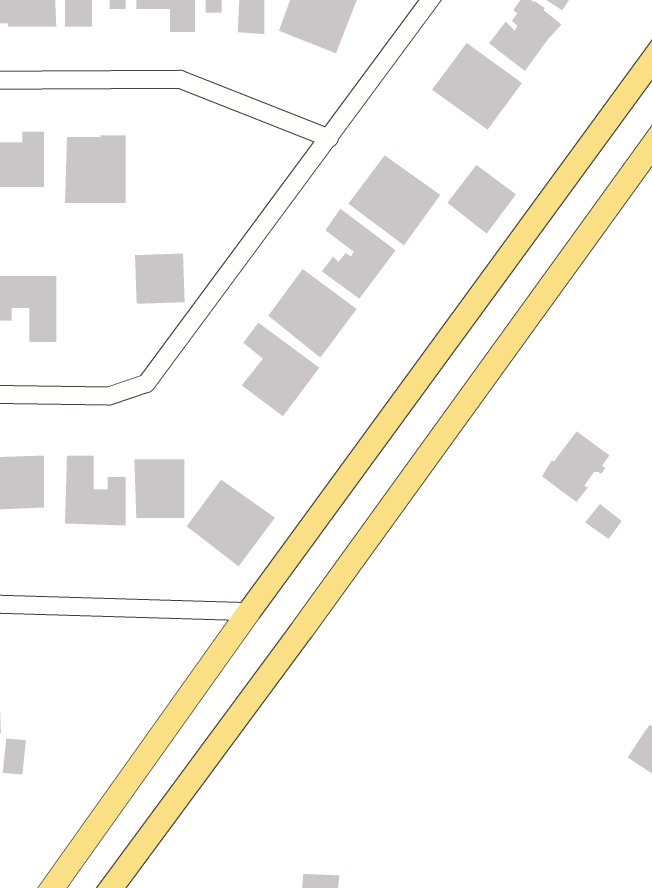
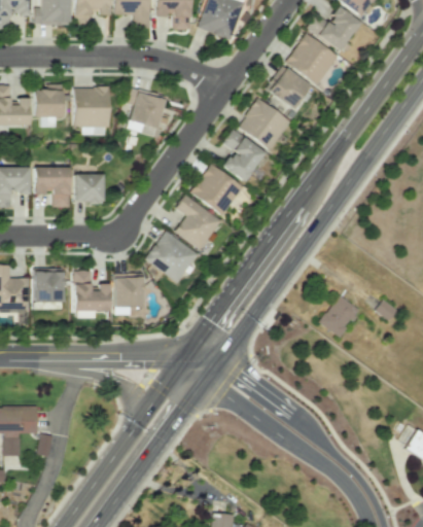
building: none -> [131,93,166,129]
building: [446,164,517,235] -> [270,68,311,109]
building: [134,253,186,304] -> [74,174,104,204]
building: [541,430,610,503] -> [319,295,359,338]
building: [185,478,276,567] -> [146,232,199,283]

